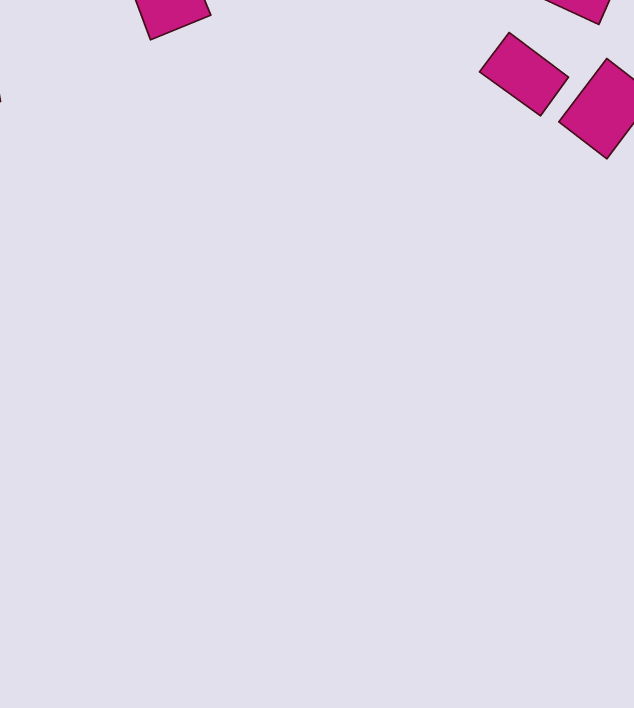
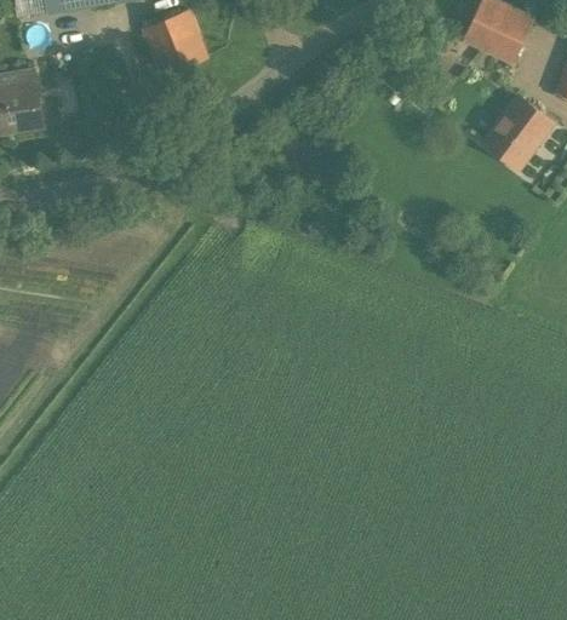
building: [479,32,569,116] -> none

